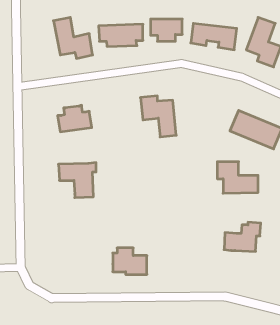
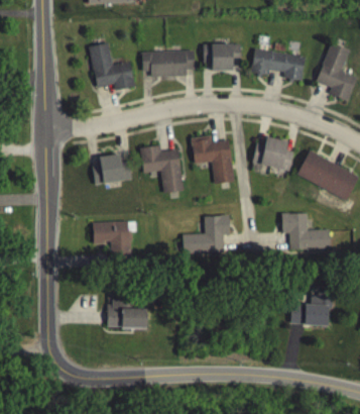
building: none -> [251,137,295,173]
building: none -> [141,140,185,189]
building: none -> [183,217,230,255]
building: [113,248,147,274] -> [108,294,148,325]

